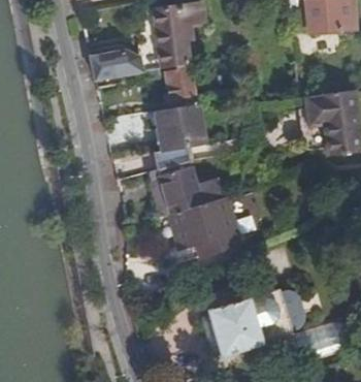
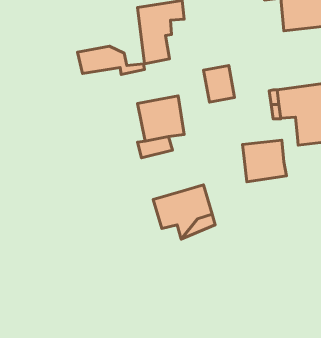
building: [165,69,198,108] -> [204,65,235,102]
building: none -> [243,140,287,182]
building: [161,166,203,214] -> none
building: [209,288,303,355] -> none

